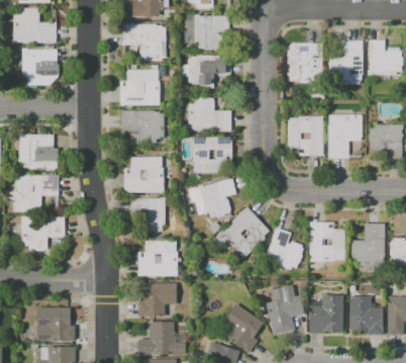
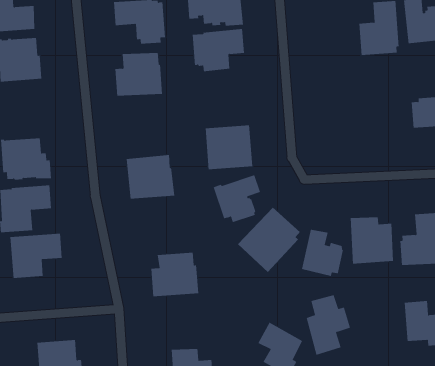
building: [288,43,324,82] -> none
building: [189,97,231,131] -> none
building: [121,110,164,144] -> none
building: [327,114,363,158] -> none
building: [288,116,323,156] -> none
building: [130,197,166,233] -> none
building: [139,283,177,316] -> none
building: [310,295,343,334] -> none

